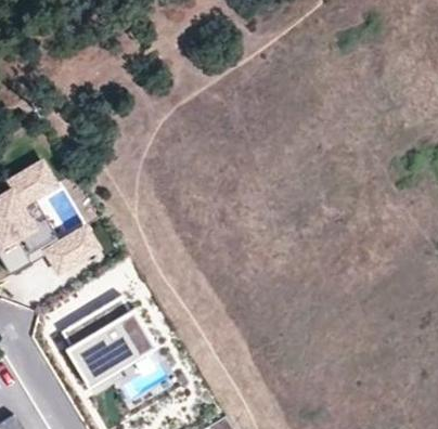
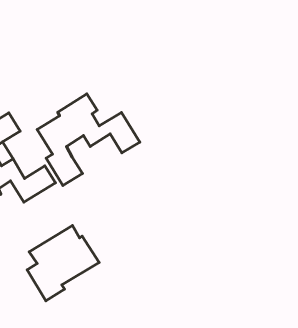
building: none -> [37,94,140,185]

